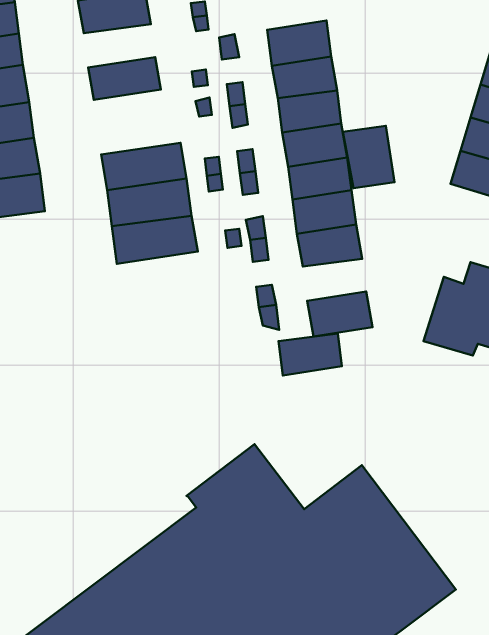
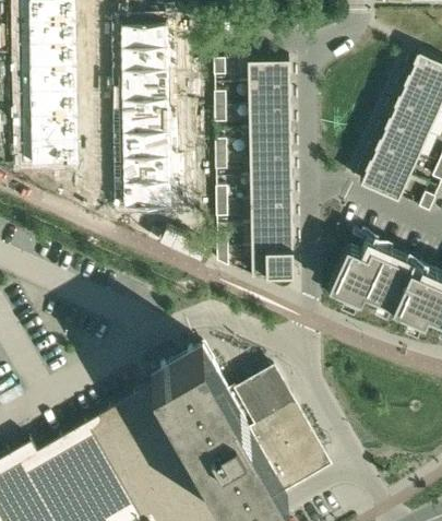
building: none -> [121,48,168,72]
building: none -> [122,106,178,133]
building: [343,126,395,188] -> none
building: [278,333,342,375] -> [251,228,292,252]

